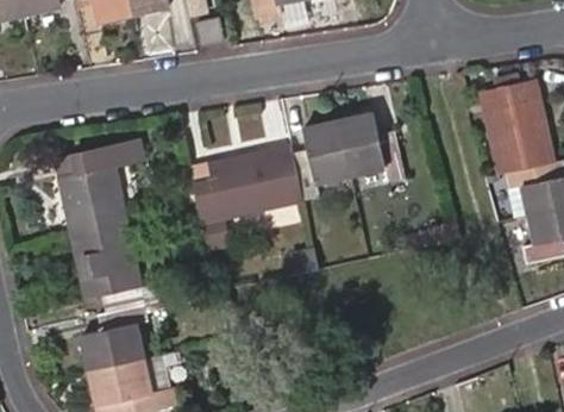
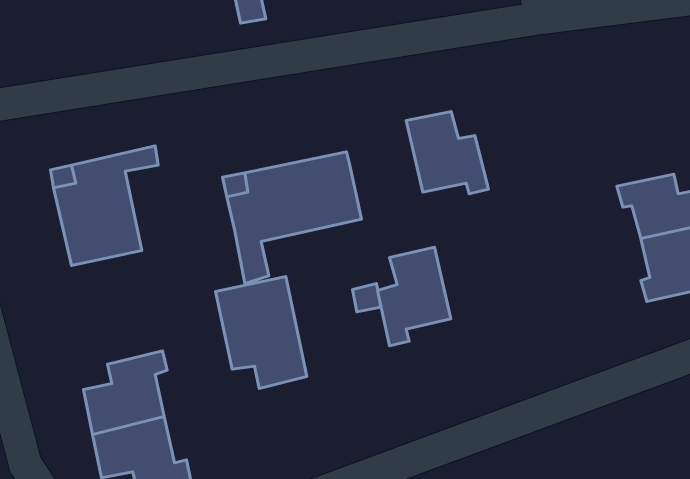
building: [481,77,553,174] -> none
building: [292,120,350,199] -> [378,247,451,346]
building: [70,224,143,313] -> [216,276,307,389]

